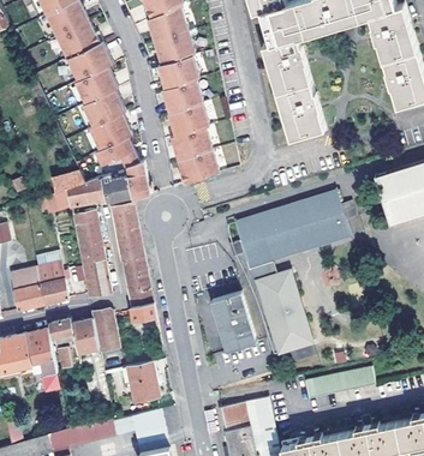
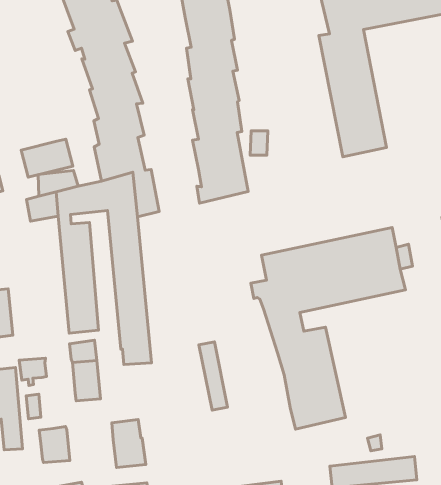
building: none -> [21,139,73,177]
building: [36,264,67,305] -> none
building: [210,293,255,352] -> none
building: [71,319,97,349] -> [39,427,70,462]

